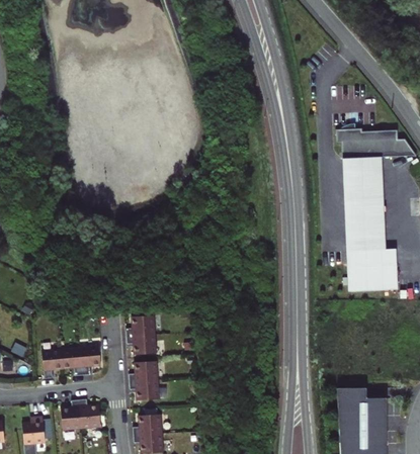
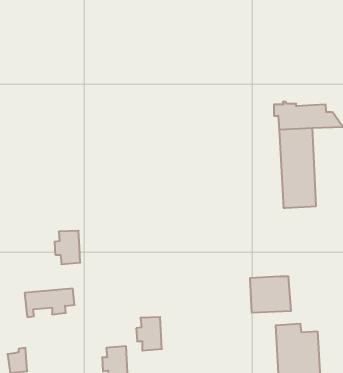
building: [349,249,398,291] -> [250,277,291,313]
building: [125,315,156,355] -> [54,231,80,264]
building: [129,361,159,400] -> [136,317,162,351]
building: [61,398,100,430] -> none

